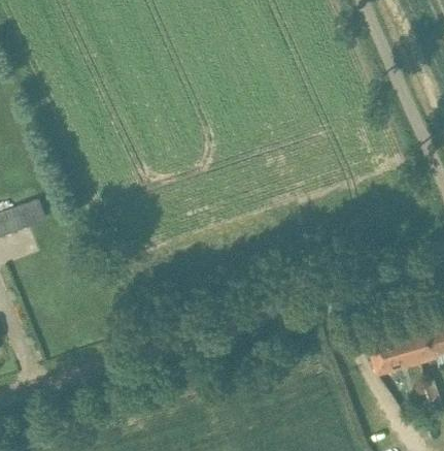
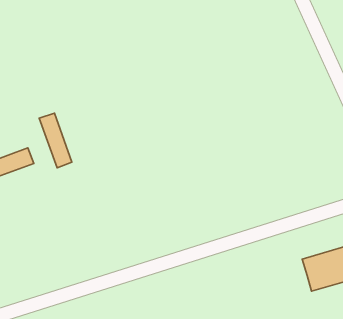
building: none -> [39,113,72,168]

